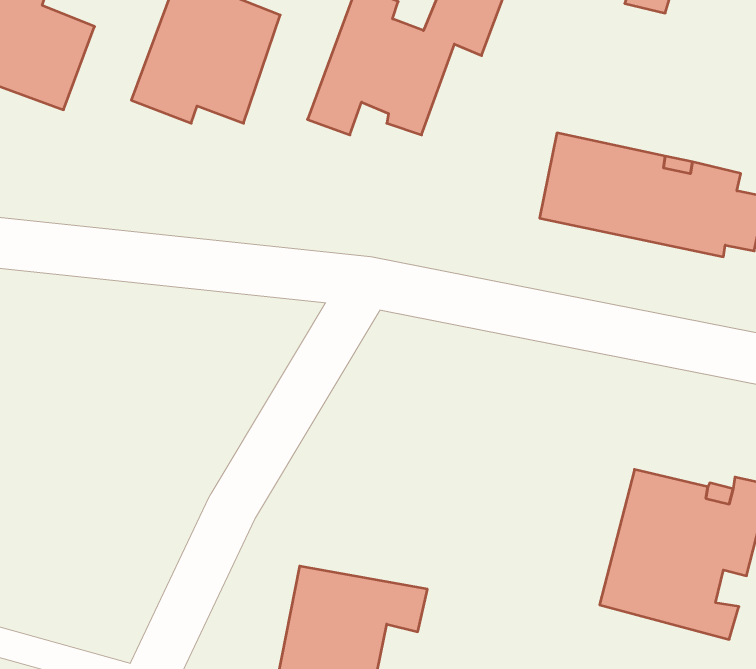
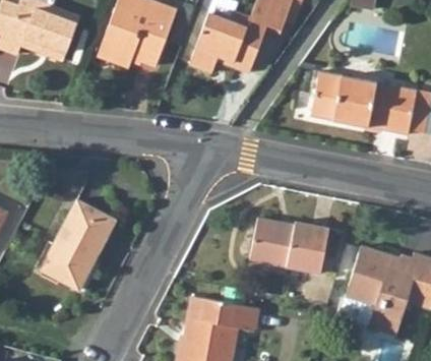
building: none -> [38,200,114,290]
building: none -> [250,220,329,275]

